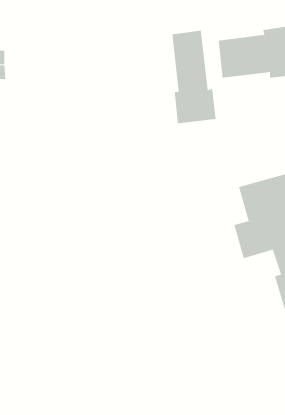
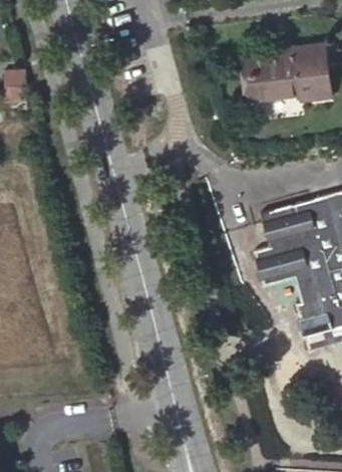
building: [172,30,216,124] -> none

